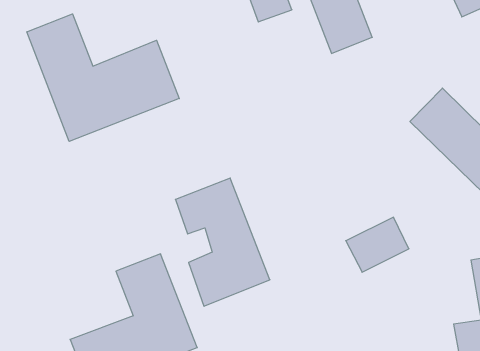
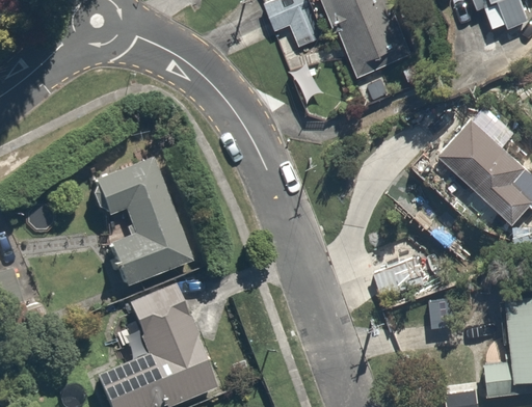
building: [27,14,179,141] -> none
building: [175,178,270,306] -> [103,164,200,295]

